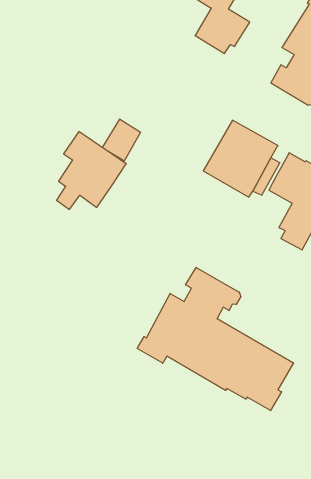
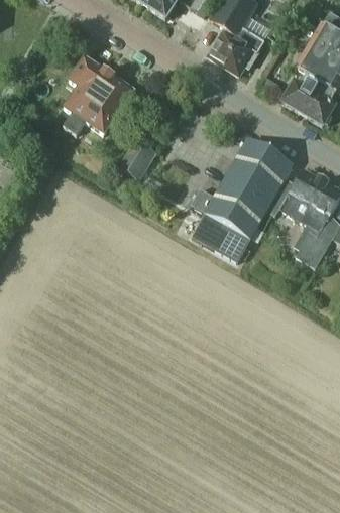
building: [57,132,126,209] -> [63,56,132,134]
building: none -> [191,187,262,261]
building: [137,267,293,411] -> none

